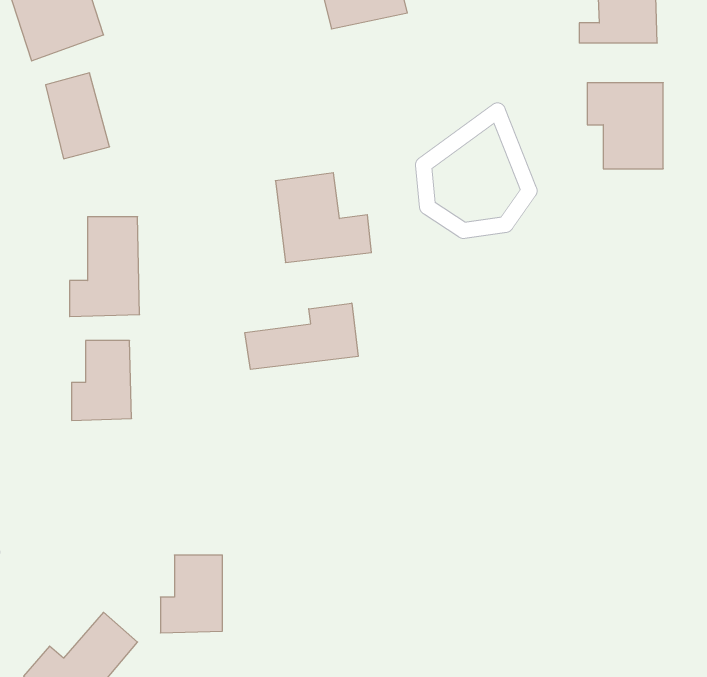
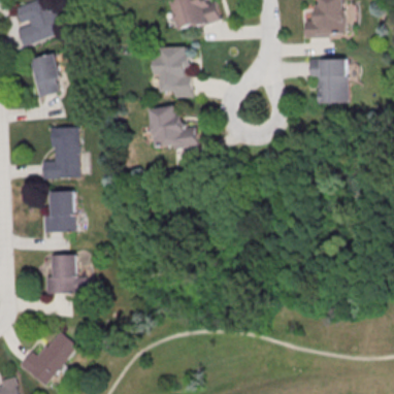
building: none -> [154,45,191,96]
building: [245,303,358,369] -> none
building: [160,555,222,633] -> [45,254,77,294]

